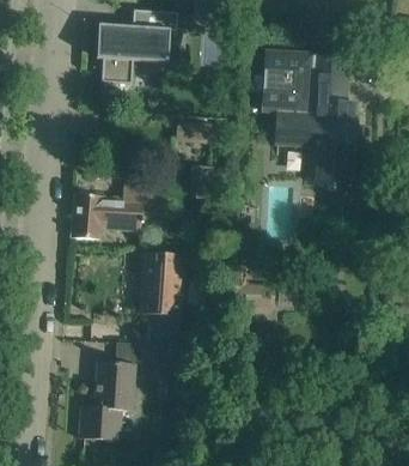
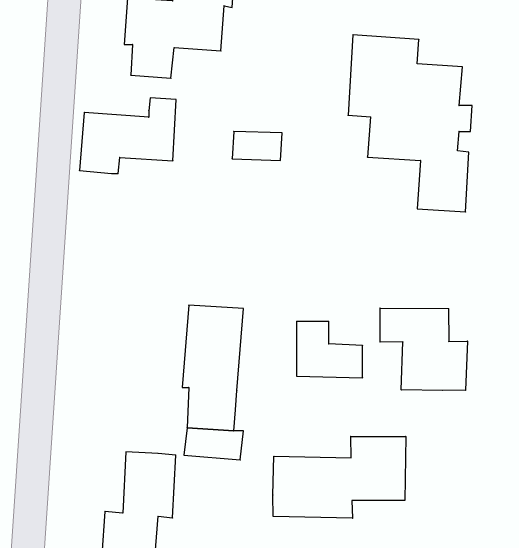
building: [71,182,142,238] -> [79,98,176,174]
building: none -> [380,308,467,390]
building: none -> [273,436,406,518]

